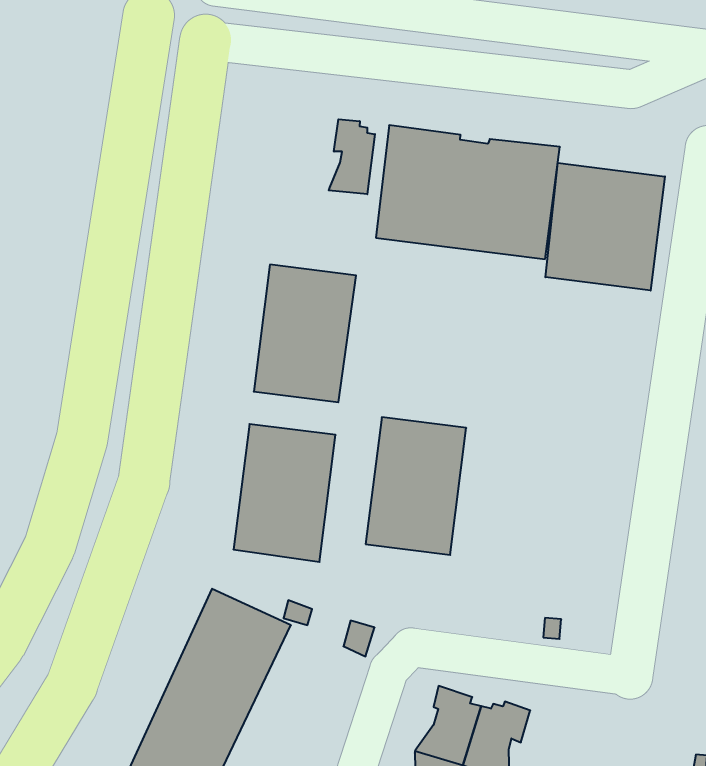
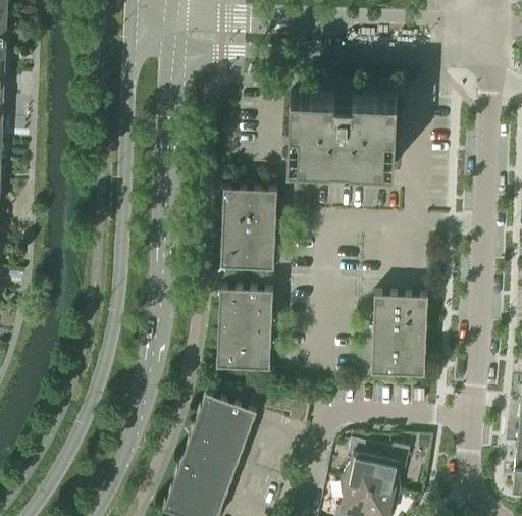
building: [329,119,375,194] -> none
building: [545,163,665,291] -> none
building: [366,417,466,555] -> [371,296,427,377]

